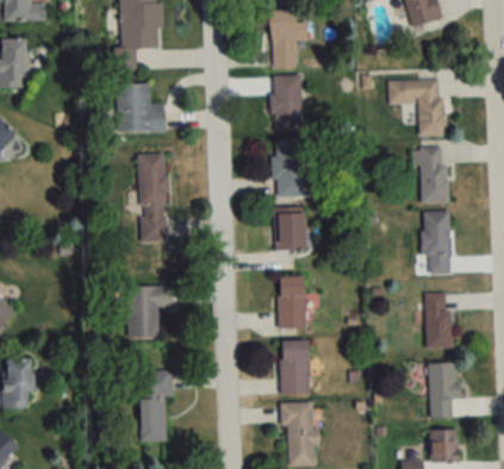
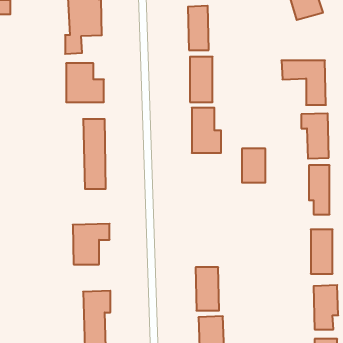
building: [275,207,305,250] -> [242,149,265,183]
building: [279,277,305,329] -> none

